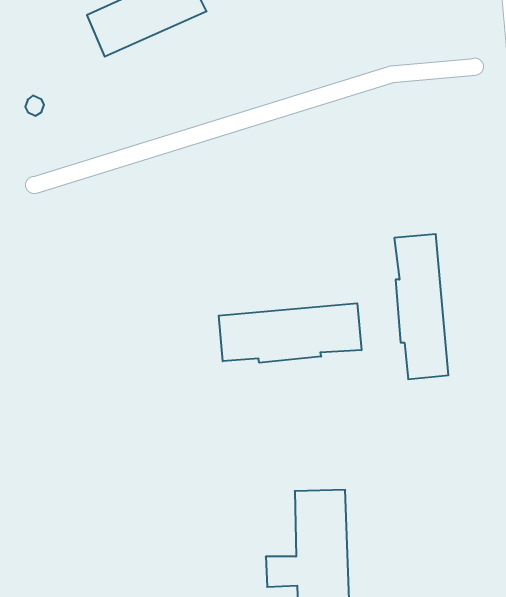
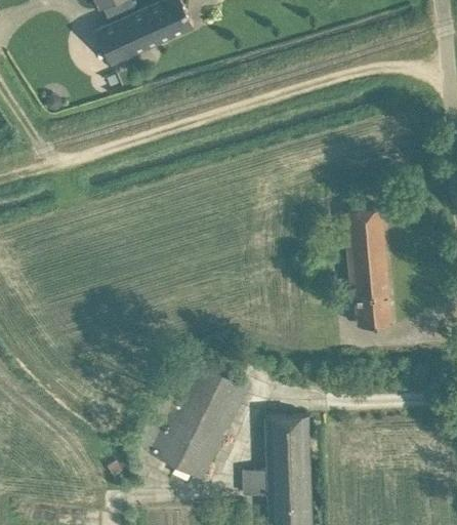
building: [219,303,361,363] -> none
building: none -> [150,362,248,480]

